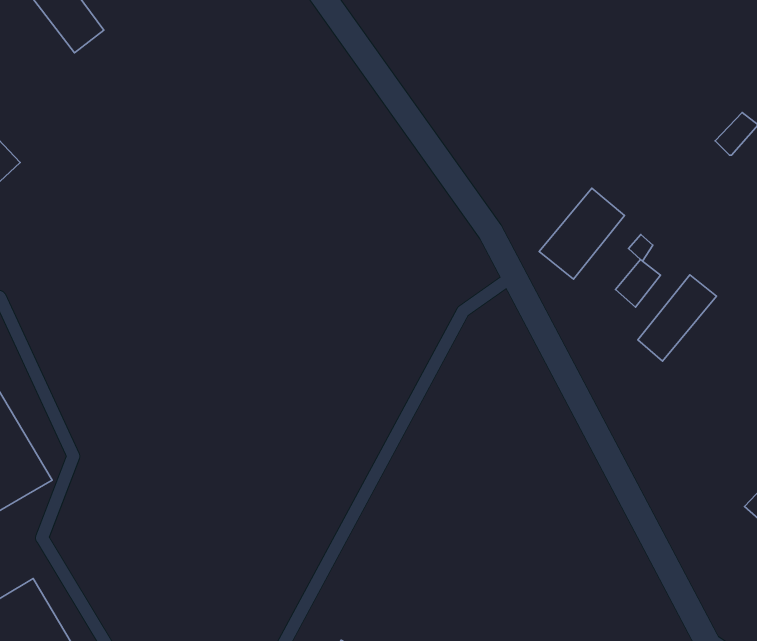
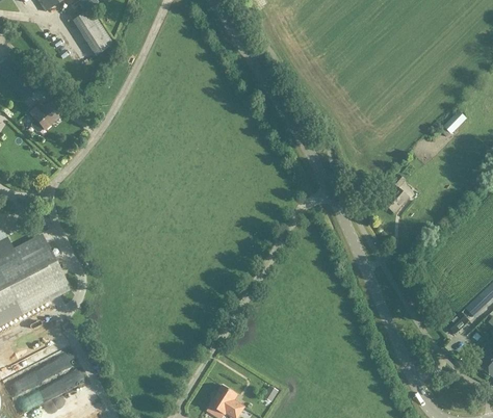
building: [539,188,624,279] -> none
building: [638,275,716,361] -> none

